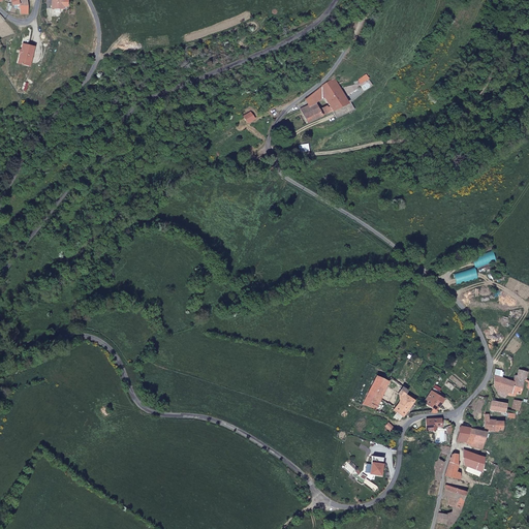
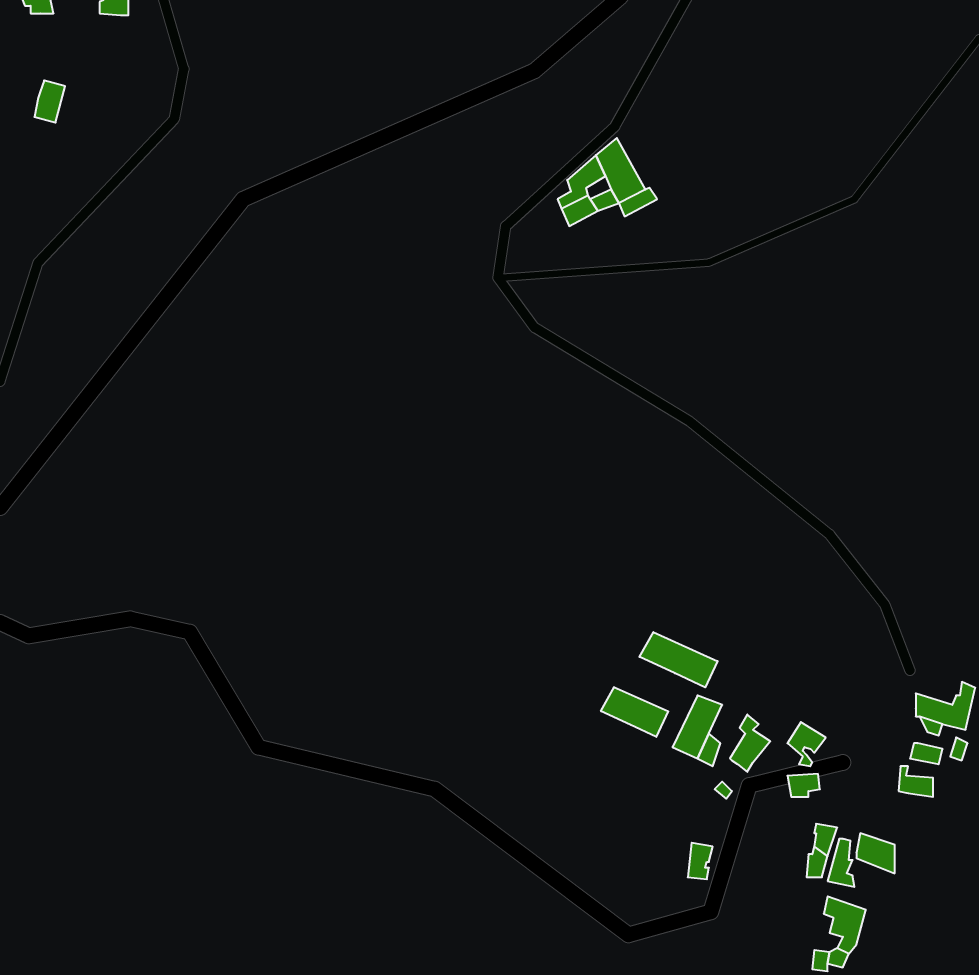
building: none -> [639,632,718,687]
building: none -> [601,687,668,737]
building: [458,426,487,448] -> none

